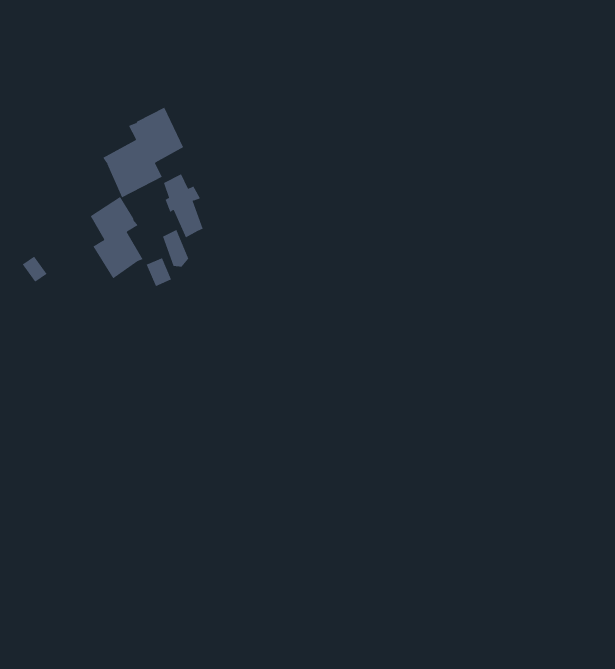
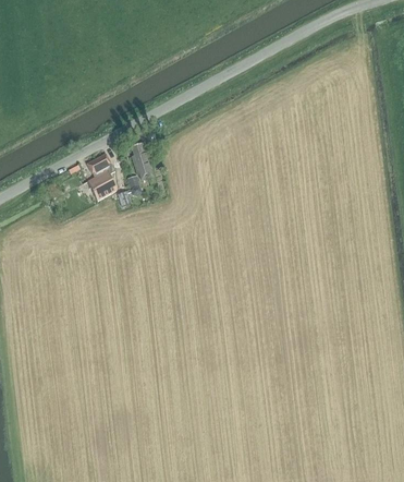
building: [102,107,184,198] -> none

